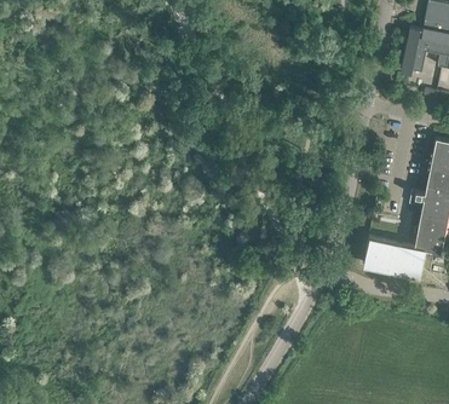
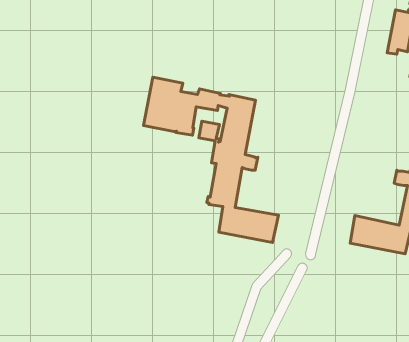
building: none -> [143,77,279,243]

